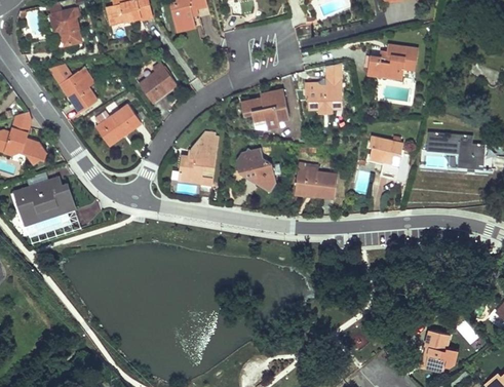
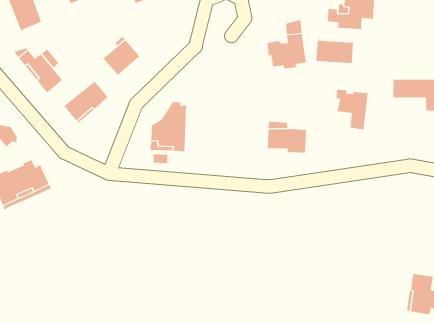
building: none -> [316,40,354,64]
building: [241,89,287,127] -> none
building: [236,148,276,191] -> none

